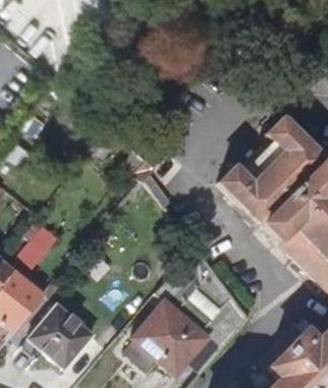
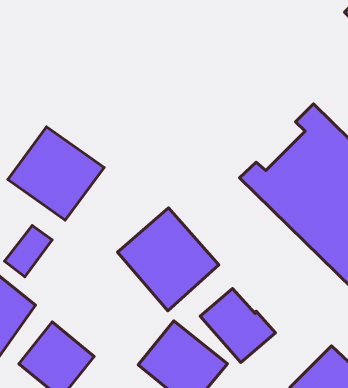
building: none -> [8,127,104,220]
building: none -> [117,208,219,311]

